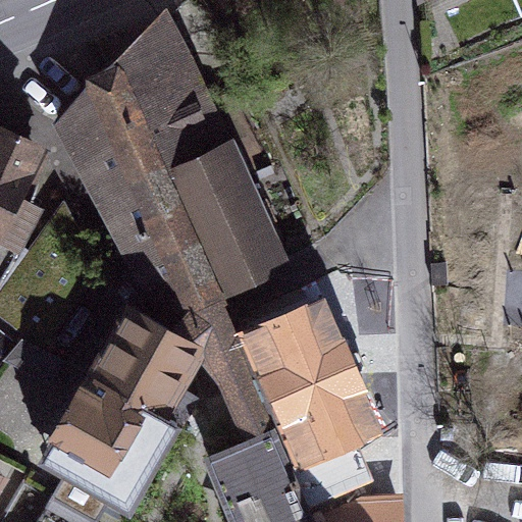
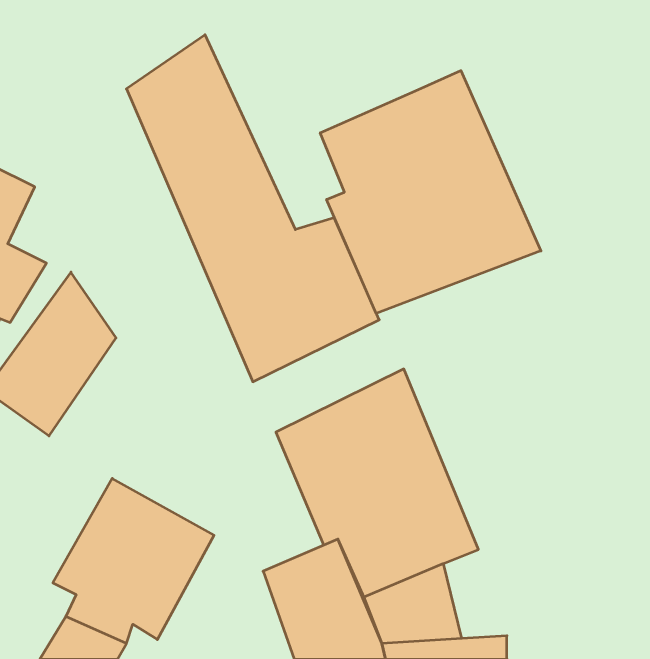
building: none -> [320,71,541,313]
building: [54,76,195,313] -> none
building: [89,315,185,423] -> none

